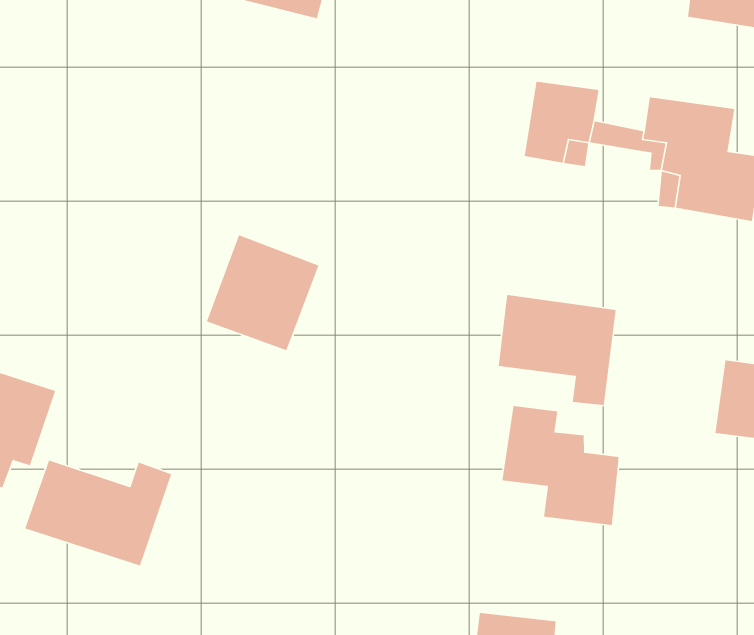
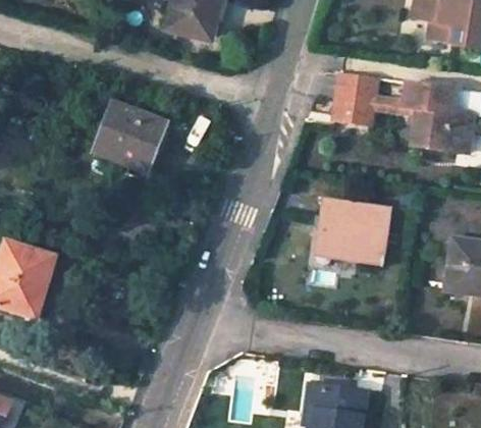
building: [206,234,319,351] -> [97,103,164,172]
building: [502,405,619,526] -> none
building: [24,459,172,567] -> none

